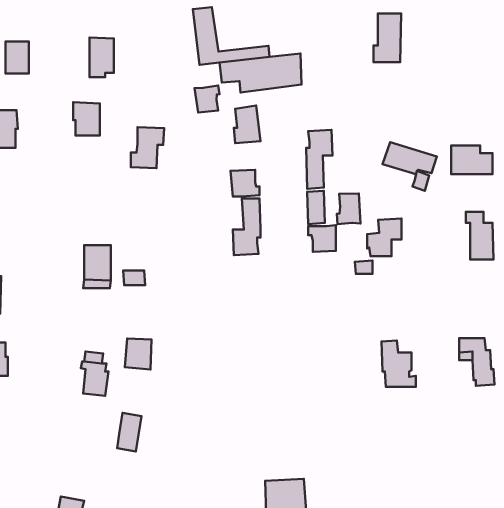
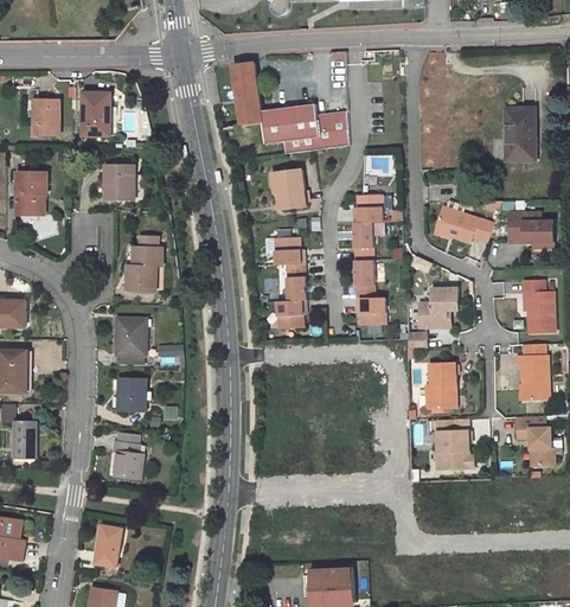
building: [373,13,401,62] -> [504,107,533,159]
building: [89,37,114,77] -> [82,91,108,134]
building: [194,86,220,113] -> none
building: [131,127,164,168] -> [126,245,161,289]
building: [337,193,361,224] -> none
building: none -> [518,344,549,401]
building: none -> [424,365,454,409]
building: [125,338,151,369] -> [116,377,145,410]
building: [117,413,141,451] -> [95,524,121,566]

